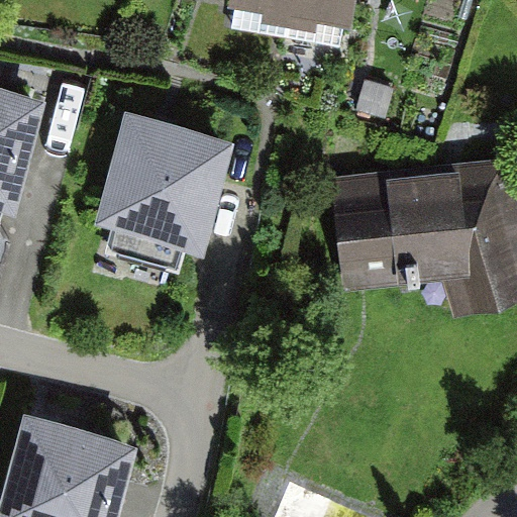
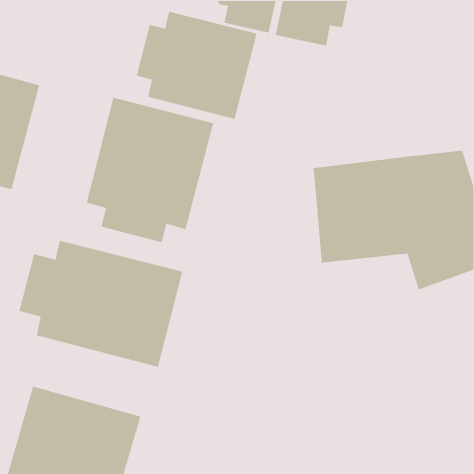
building: none -> [136,11,257,120]
building: none -> [19,240,183,368]

